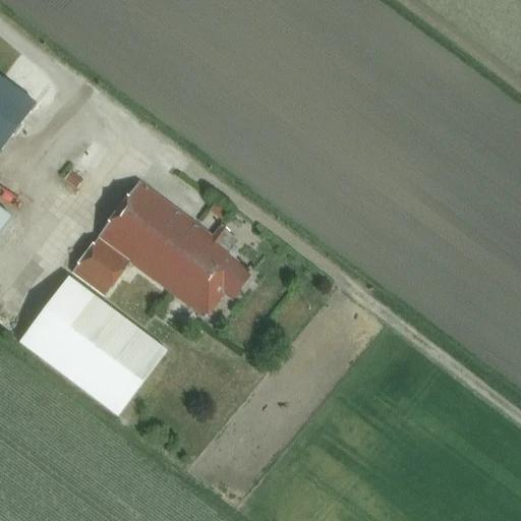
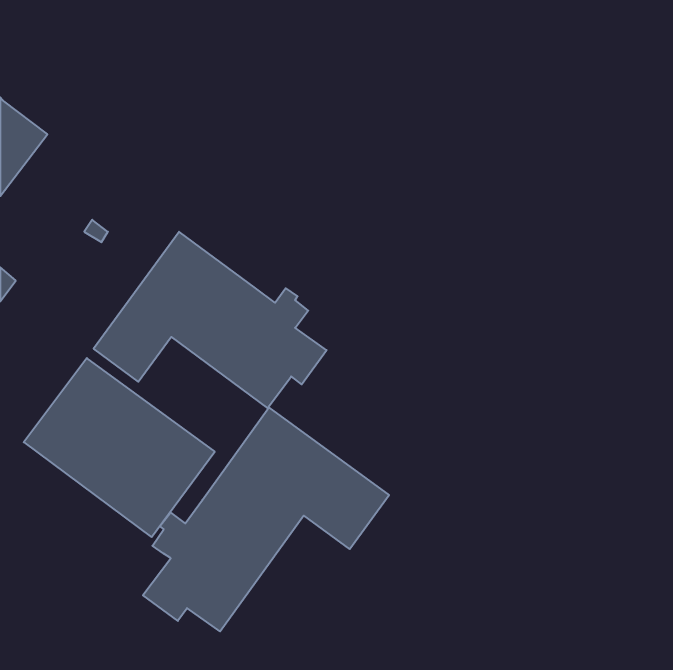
building: none -> [143,408,389,631]

